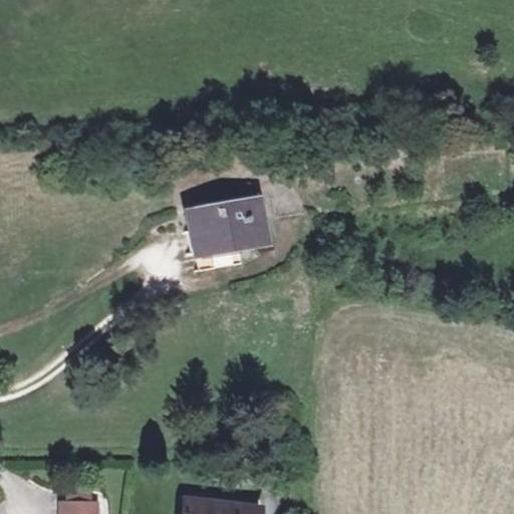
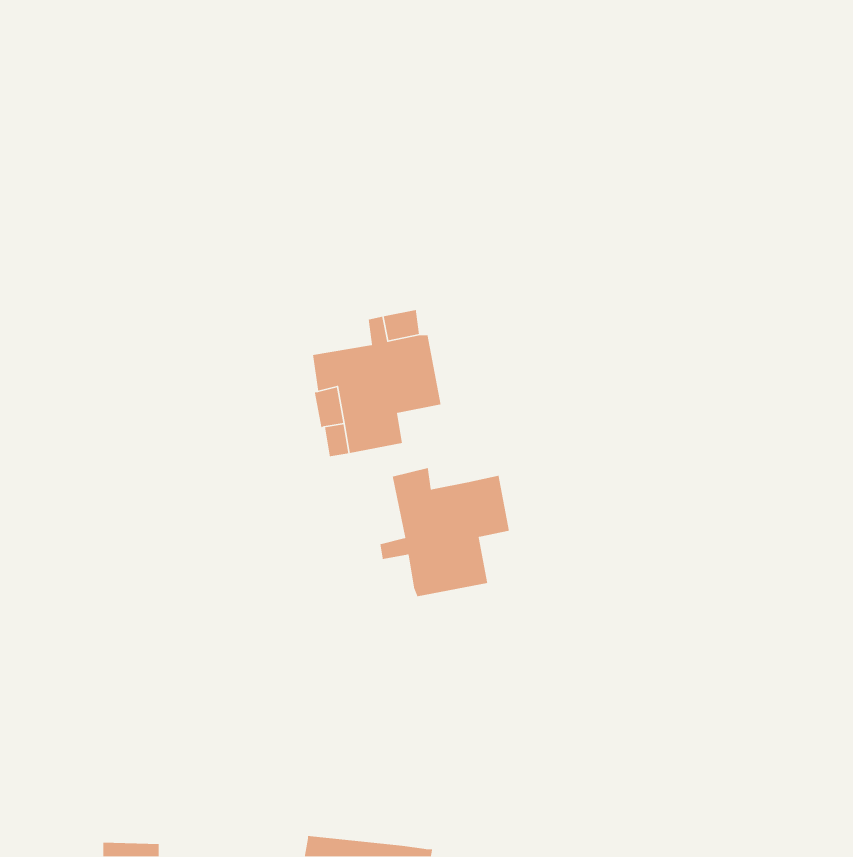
building: none -> [380,467,510,597]

